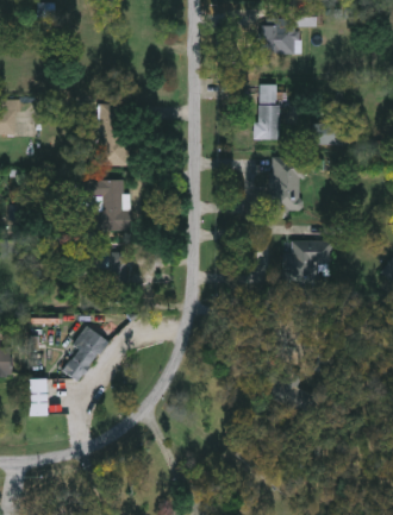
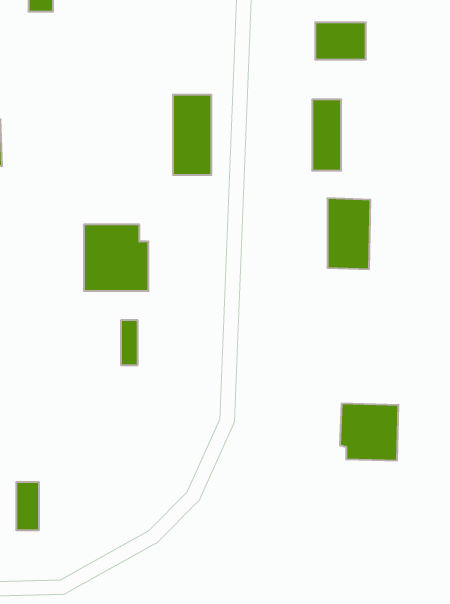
building: [99,103,129,165] -> [173,95,211,175]
building: [287,240,332,284] -> [340,404,399,461]
building: [58,327,108,381] -> none

